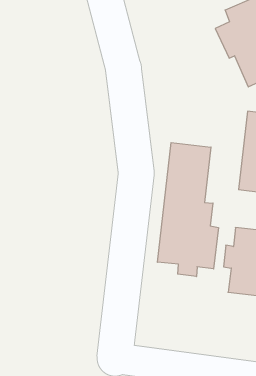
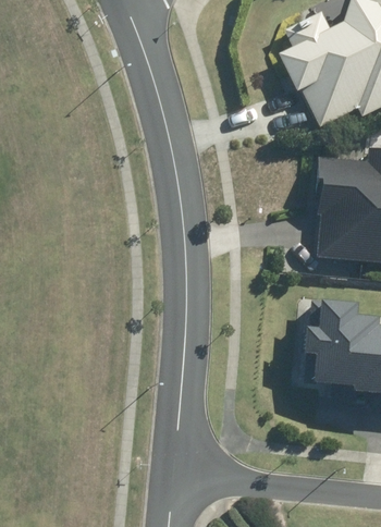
building: [157,143,218,277] -> none

